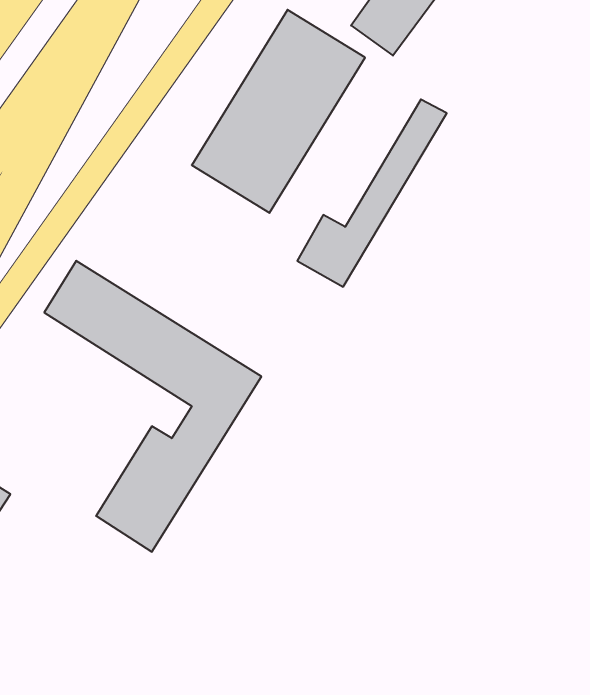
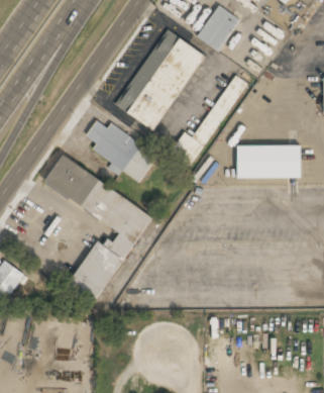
building: none -> [85,117,157,184]
building: none -> [236,145,300,178]

